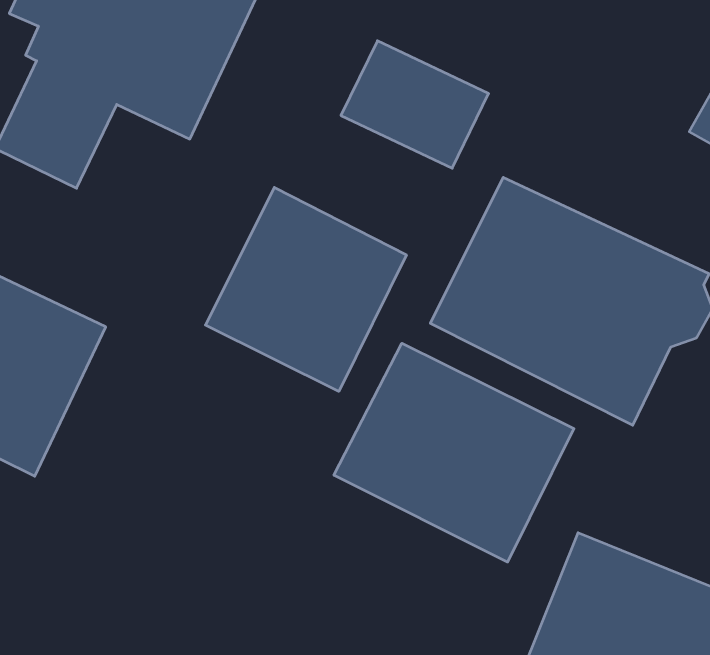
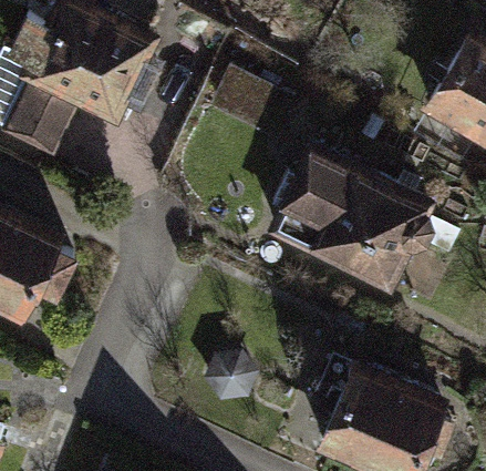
building: [205,187,406,391] -> none
building: [334,343,574,562] -> none

